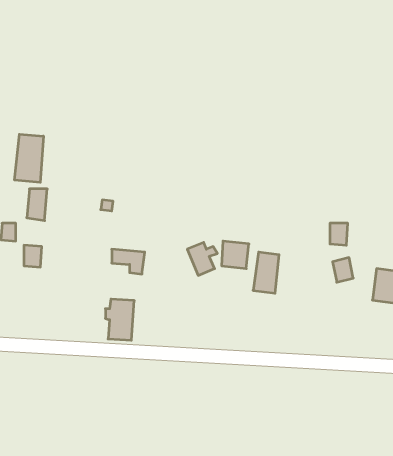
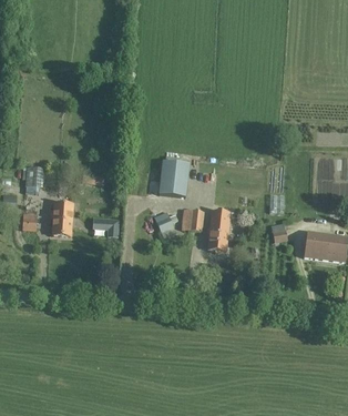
building: [15,134,43,182] -> none
building: none -> [157,160,188,196]
building: [105,299,134,340] -> [49,202,72,235]

